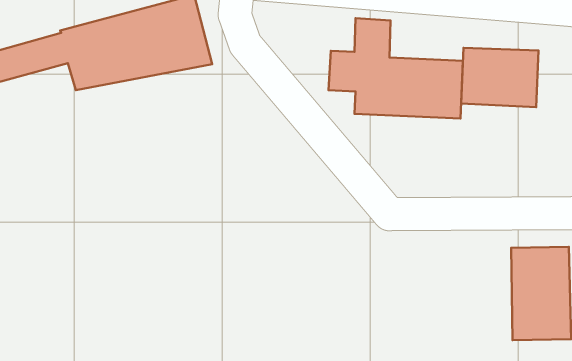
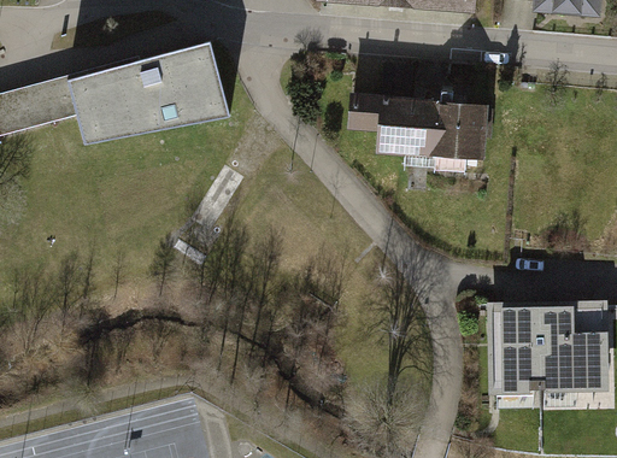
building: [461,48,539,107] -> none
building: none -> [488,306,548,406]

